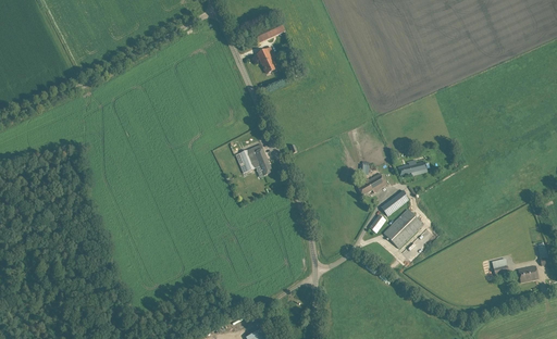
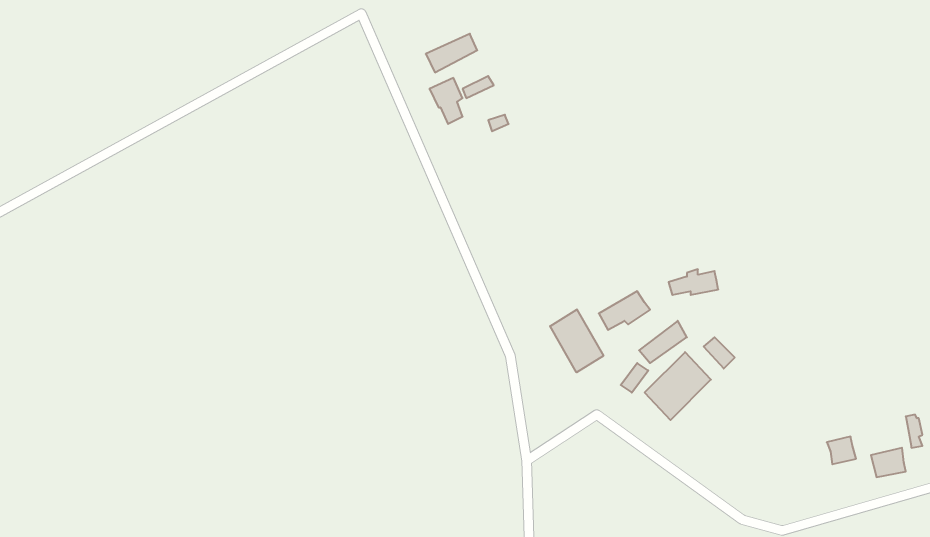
building: [236,145,273,175] -> none
building: none -> [550,309,603,372]

